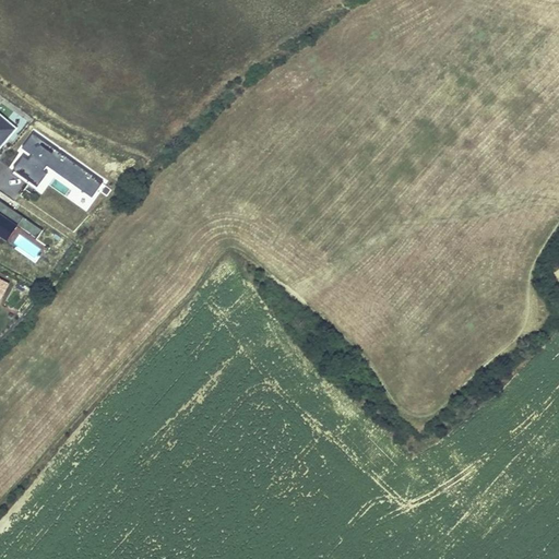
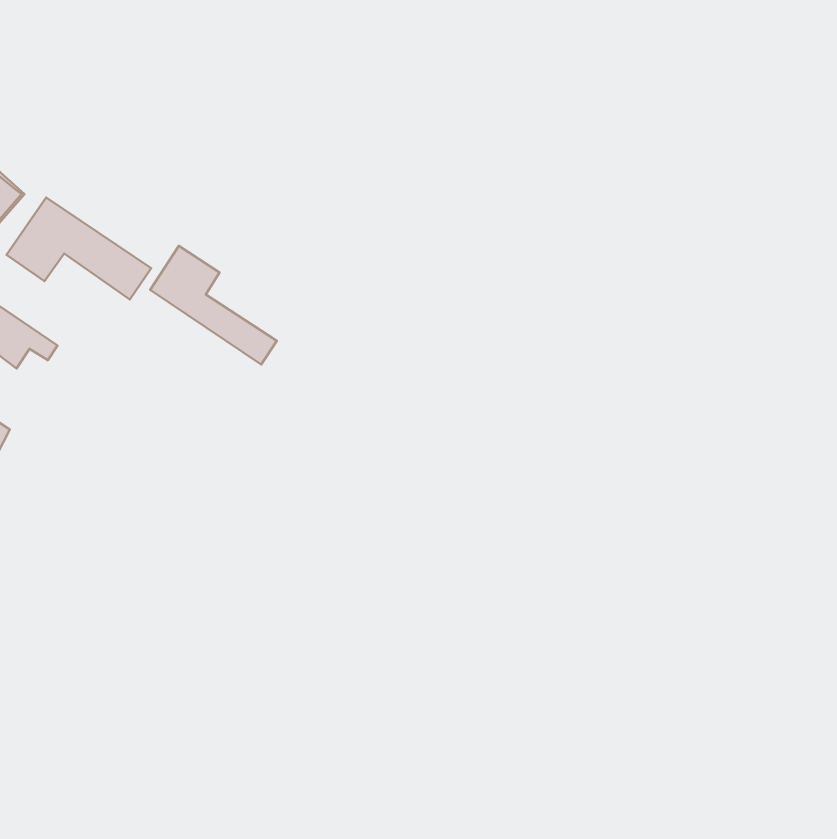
building: none -> [150,246,277,365]

